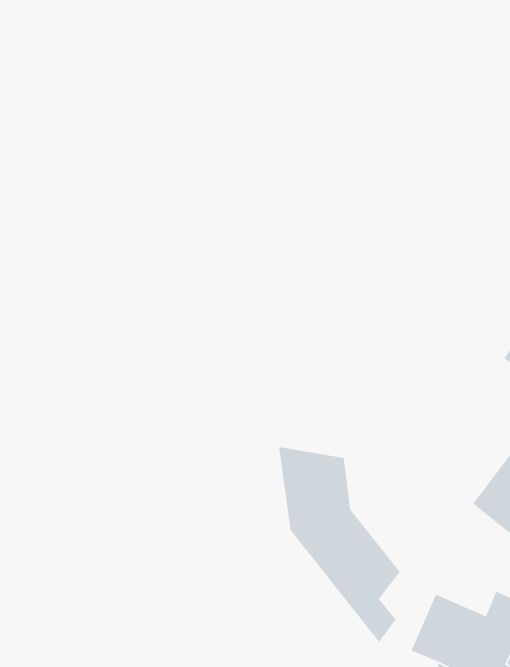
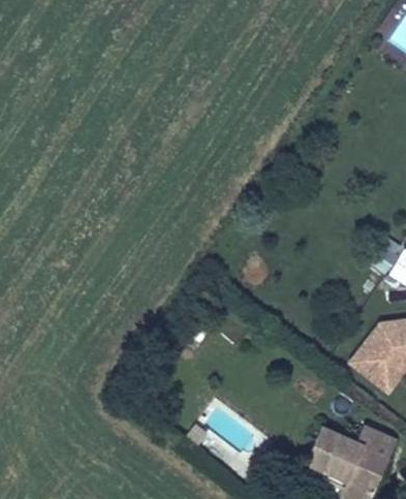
building: [278,446,401,643] -> none

